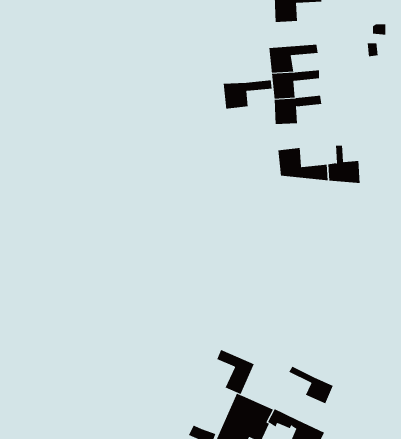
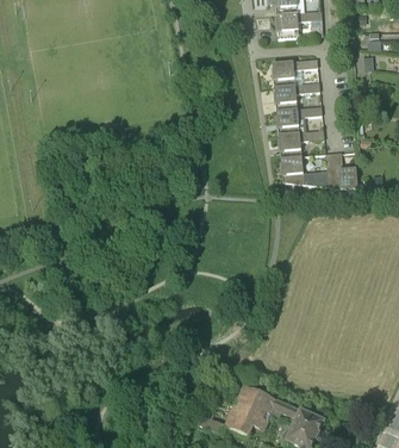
building: [223,80,273,109] -> [278,130,324,157]
building: [217,349,254,395] -> none
building: [289,366,333,404] -> none

